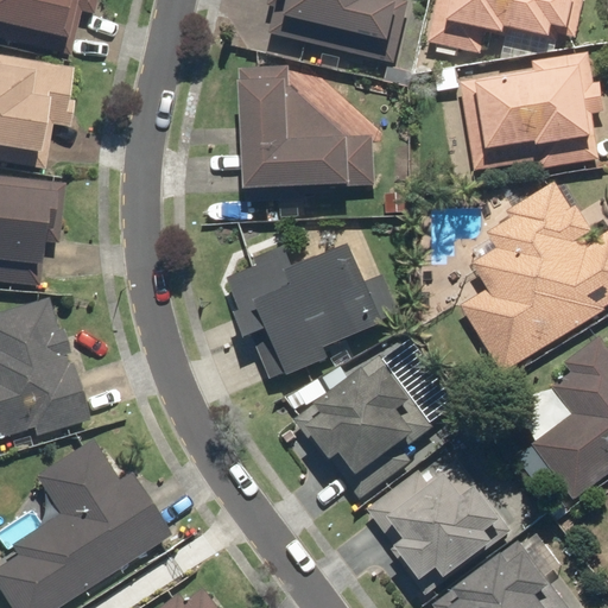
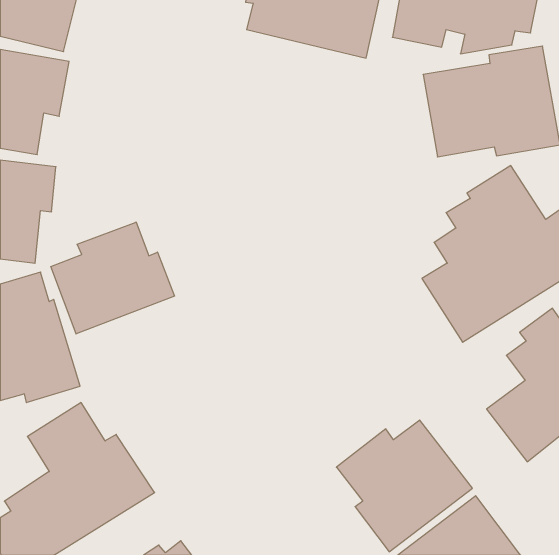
building: [234,62,376,201] -> none
building: none -> [51,222,175,334]
building: [223,243,382,381] -> none
building: [293,352,435,500] -> none

